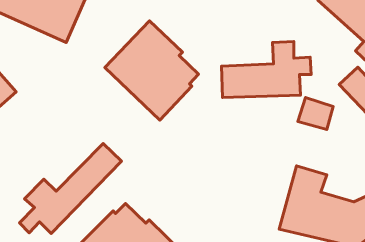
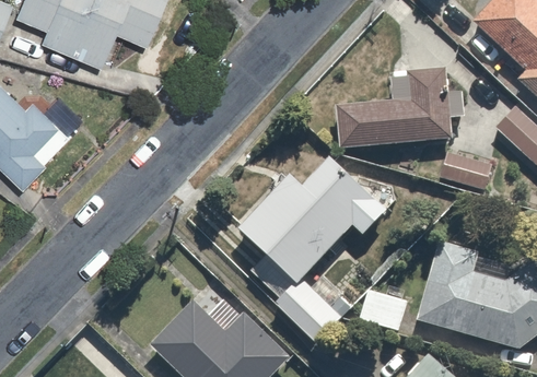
building: [105,21,199,120] -> none
building: none -> [237,160,387,332]
building: [19,144,122,234] -> none

